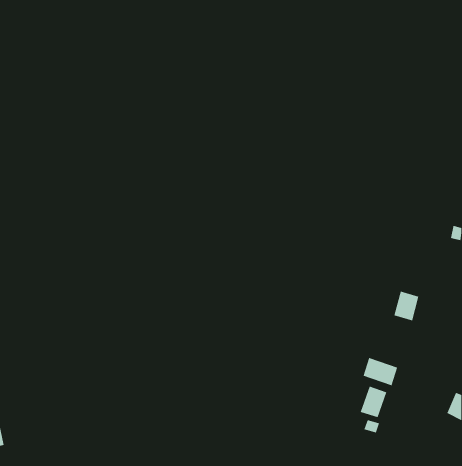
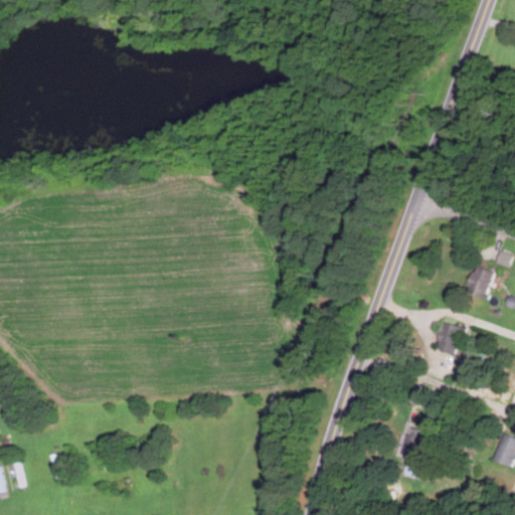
building: none -> [465,267,494,298]
building: [363,357,398,386] -> none

